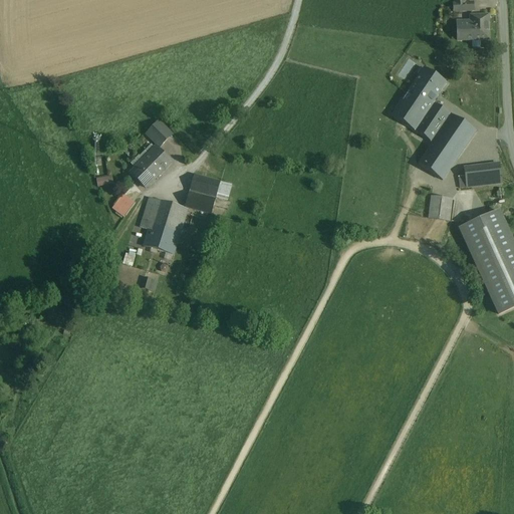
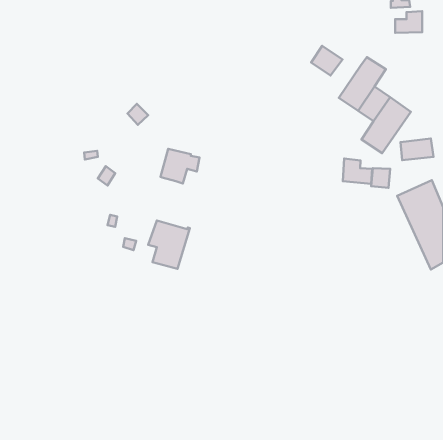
building: none -> [311,46,342,76]
building: [133,146,172,185] -> none
building: none -> [343,159,372,184]
building: [140,197,188,253] -> [148,220,190,269]

